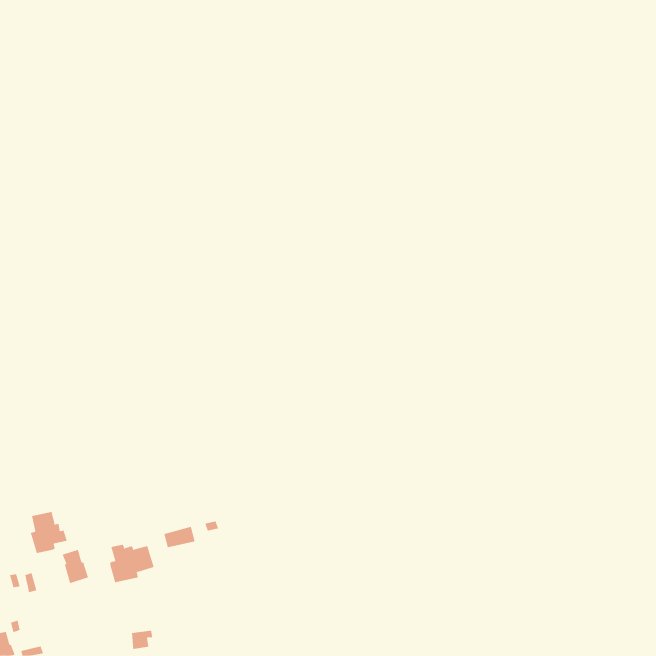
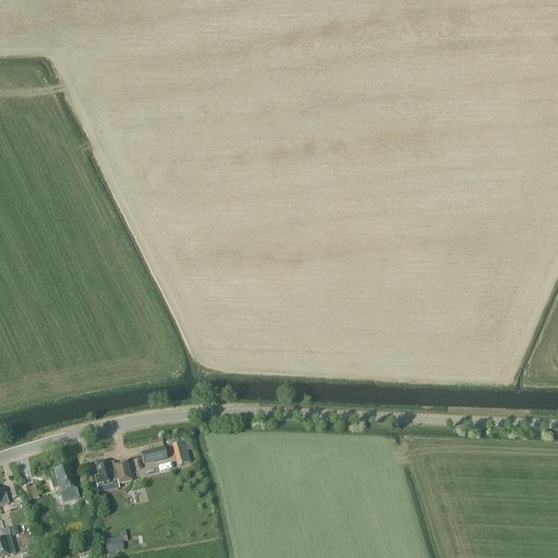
building: [30,511,67,554] -> none

